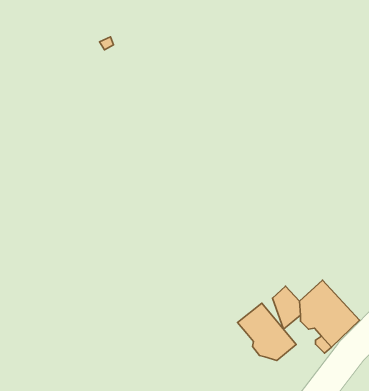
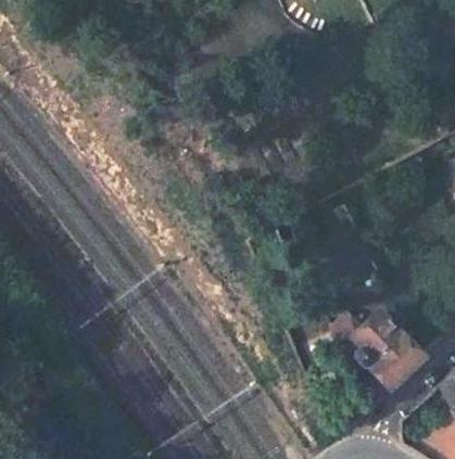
building: [237,303,296,361] -> none

